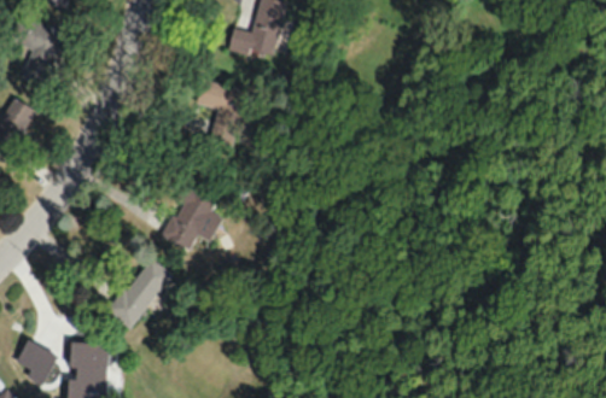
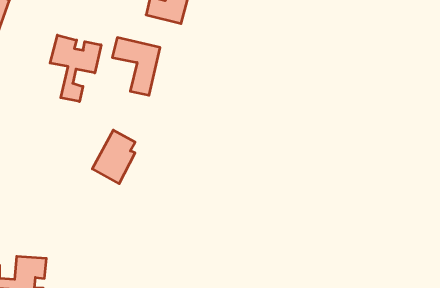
building: none -> [50,35,101,102]
building: [110,258,170,329] -> none

